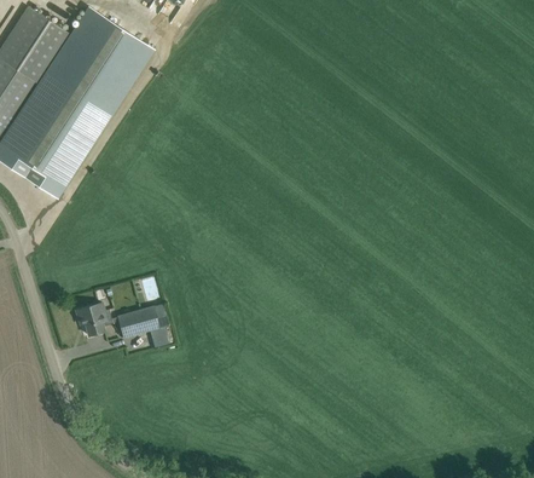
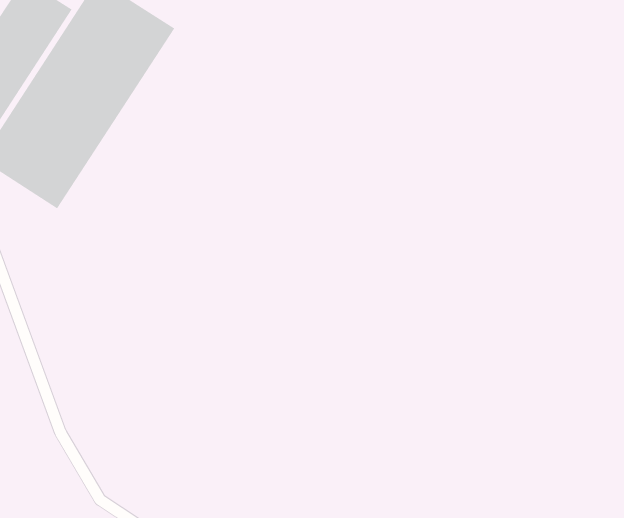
building: [75,301,169,338] -> none

